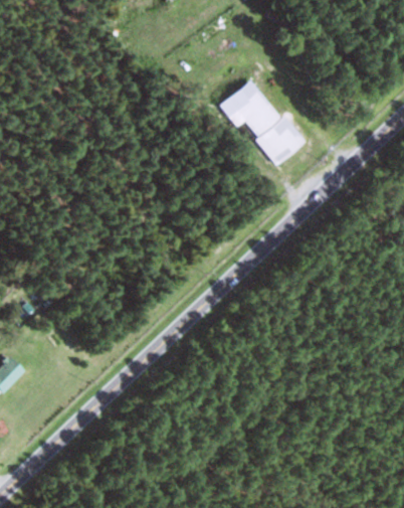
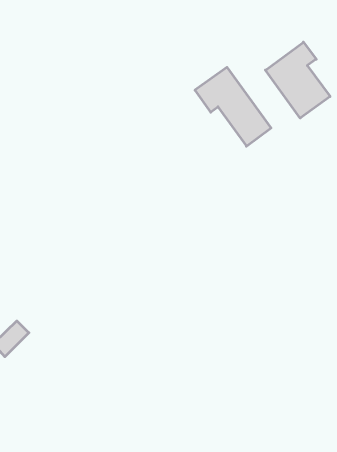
building: none -> [265,42,330,118]

